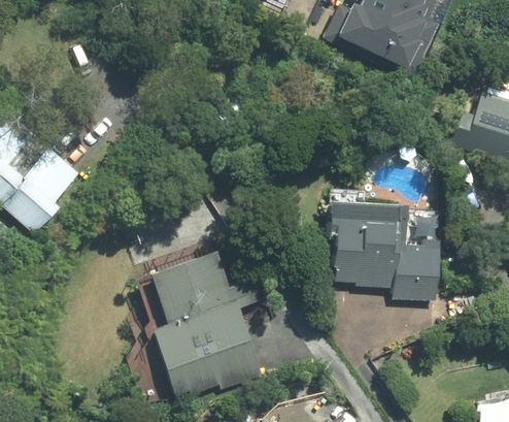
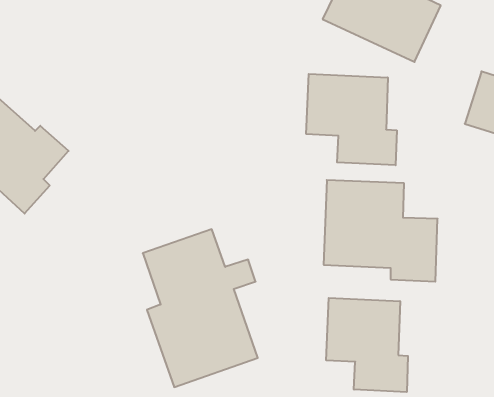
building: none -> [306,74,397,165]
building: none -> [326,298,408,392]

